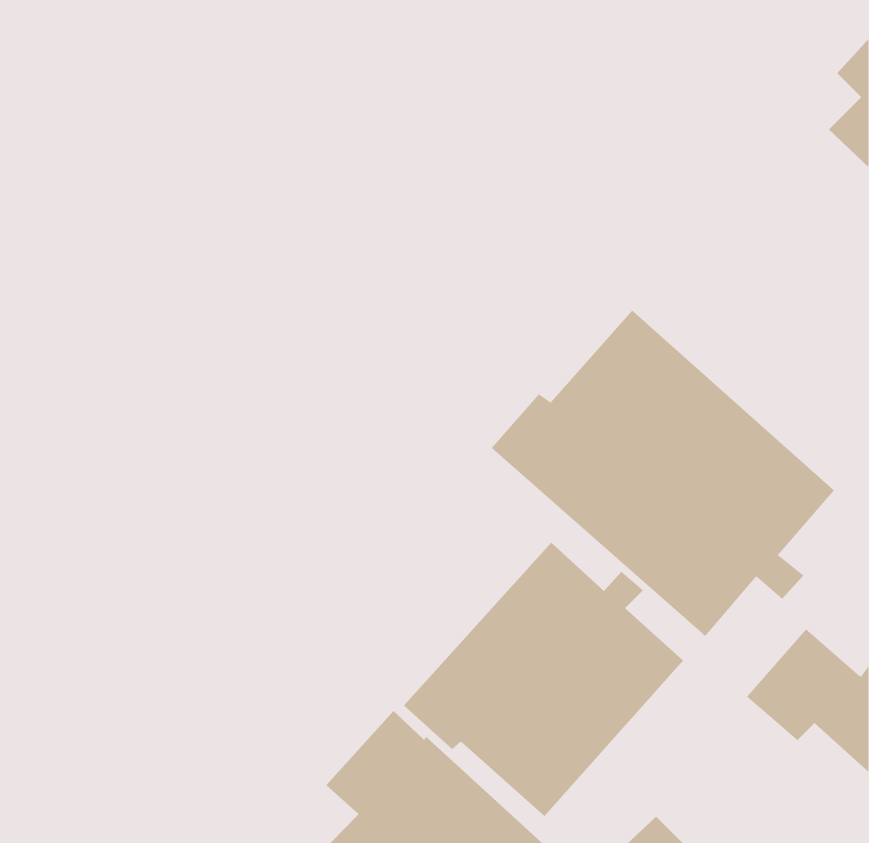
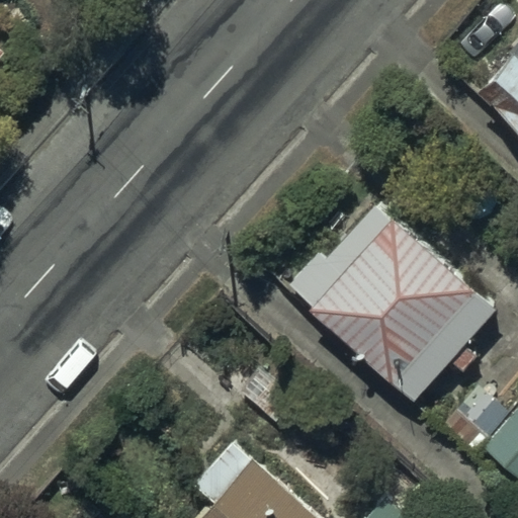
building: [403,542,684,817] -> none

